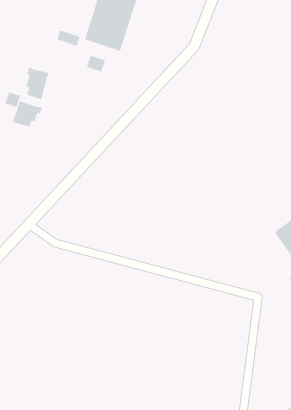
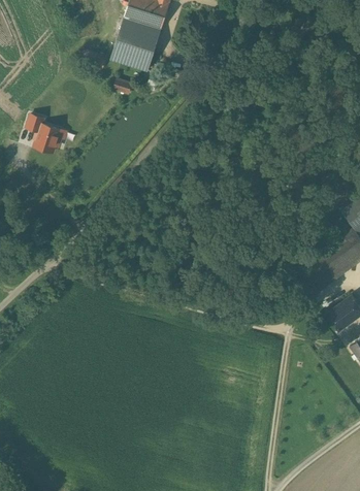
building: [26,67,49,100] -> none

